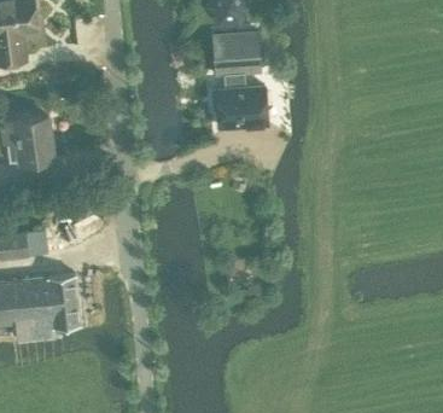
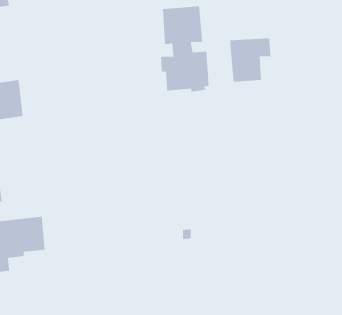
building: none -> [229,37,271,83]

